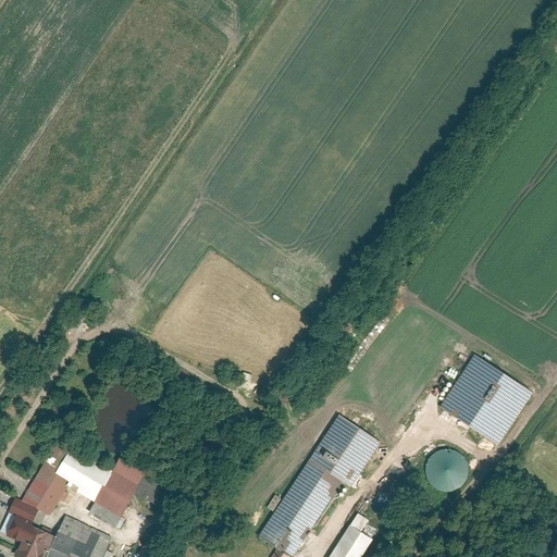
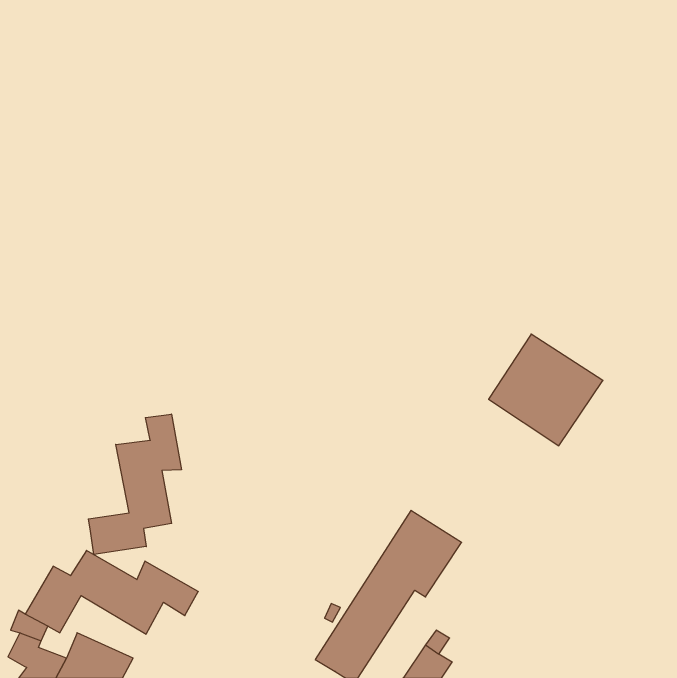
building: none -> [88,414,181,555]
building: [438,354,532,445] -> [489,334,603,446]
building: [424,448,468,491] -> none

